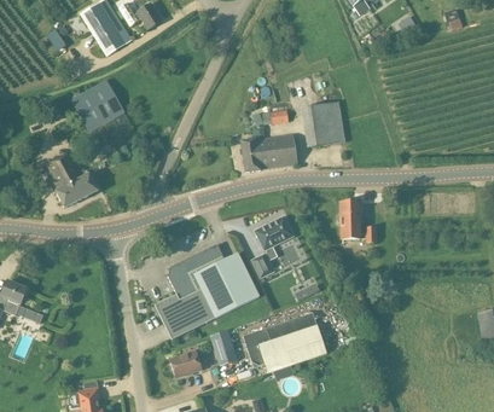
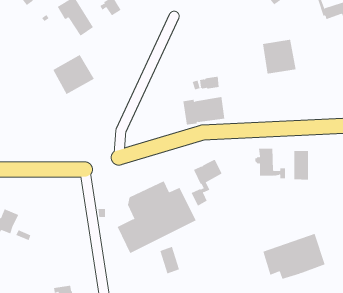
building: [302,101,347,147] -> [262,39,296,74]
building: [43,151,99,208] -> none
building: none -> [294,150,308,181]
building: [244,312,326,372] -> [263,233,325,279]
building: [170,348,207,377] -> none

